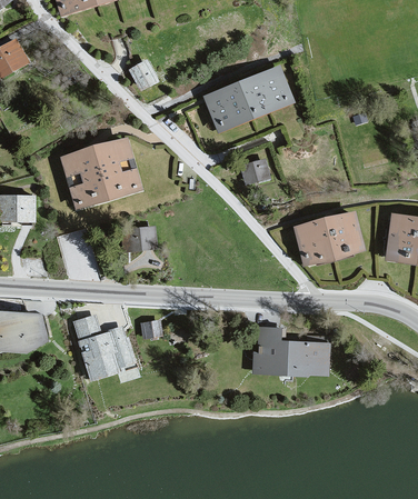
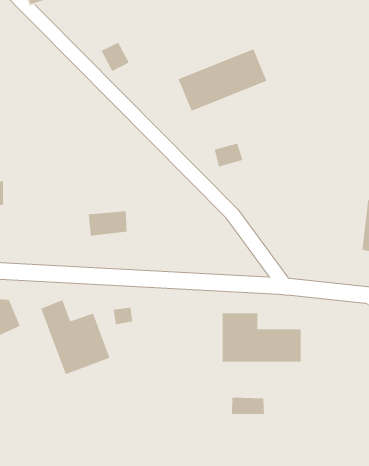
building: [61,136,141,203] -> none
building: [298,216,364,268] -> none
building: none -> [231,397,265,415]

